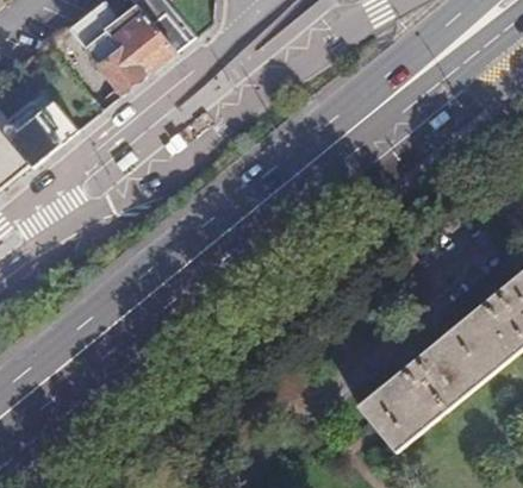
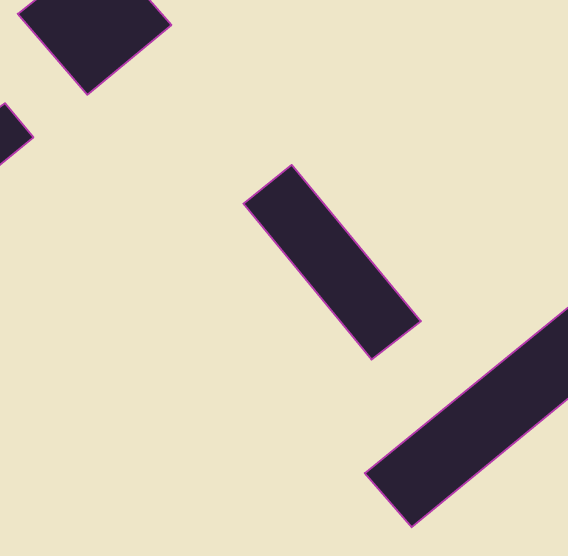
building: none -> [243,165,421,360]

